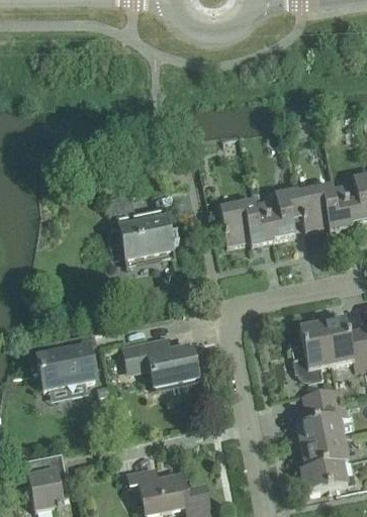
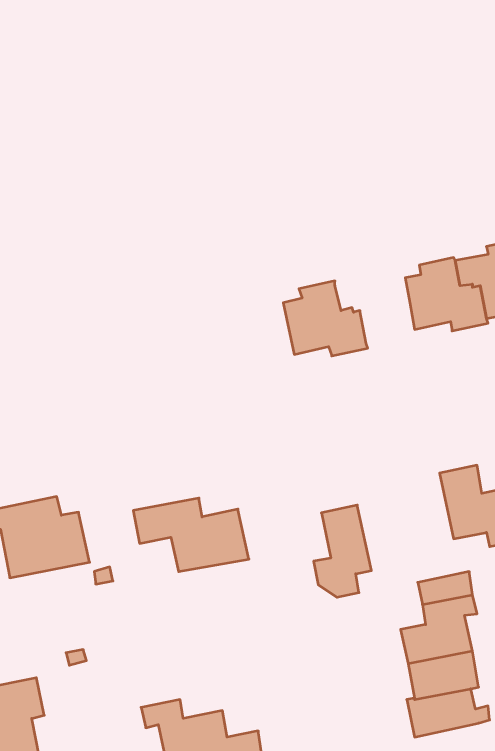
building: [255,187,303,238] -> none
building: [107,193,174,266] -> none
building: [294,322,332,382] -> [314,505,371,597]

